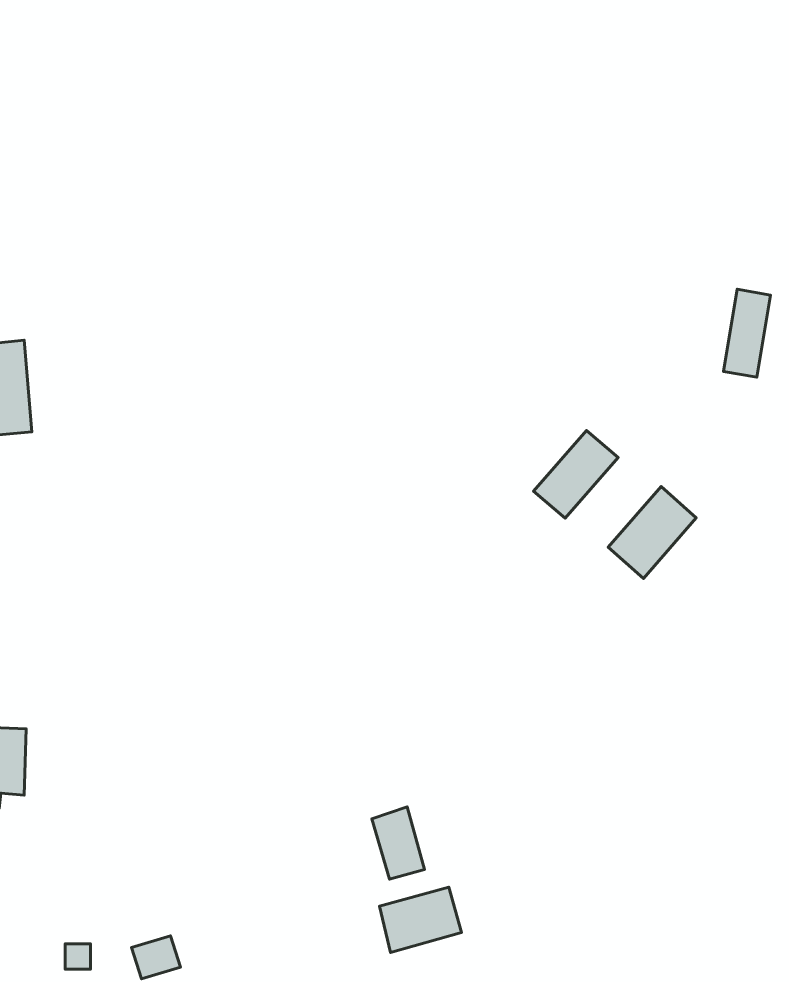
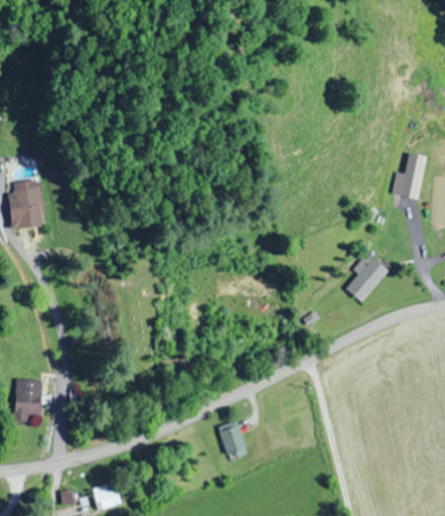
building: [534,430,618,518] -> none
building: [379,887,462,953] -> none

